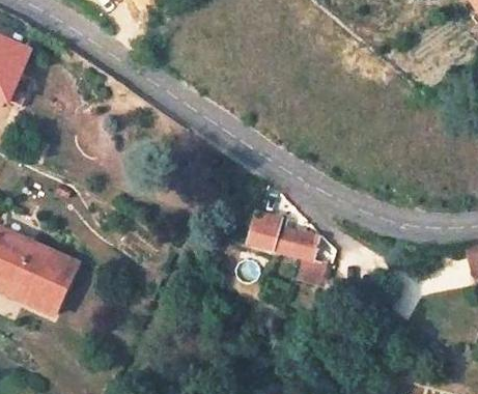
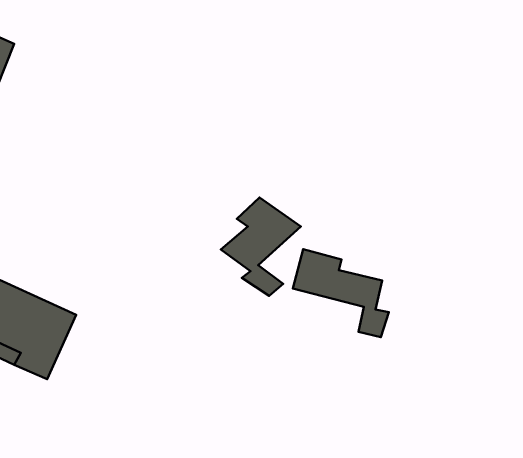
building: none -> [221,197,301,296]

